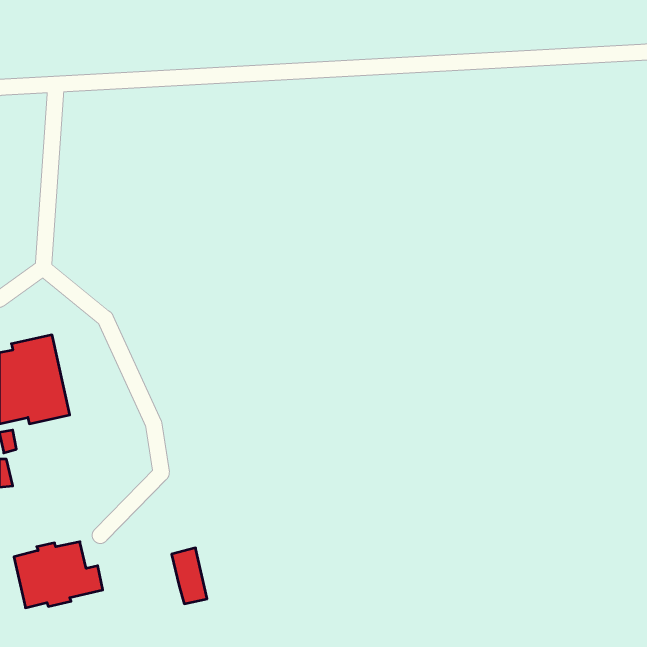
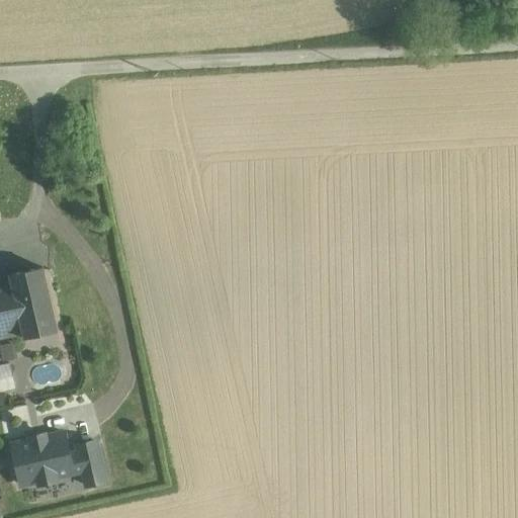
building: [172,548,207,604] -> [76,441,104,486]

